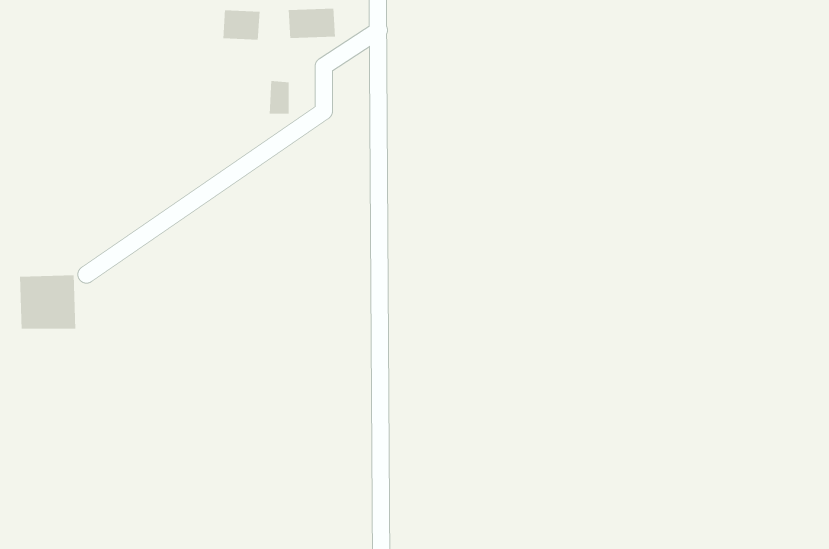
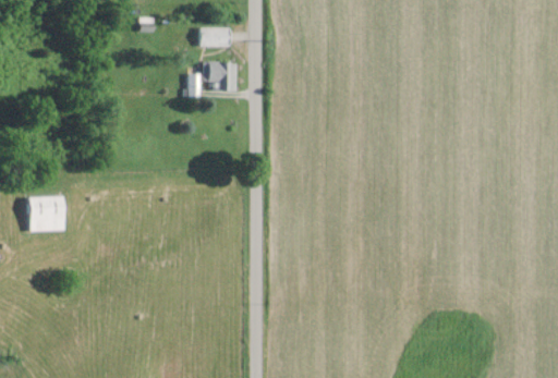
building: [223,9,260,40] -> [202,62,226,82]

